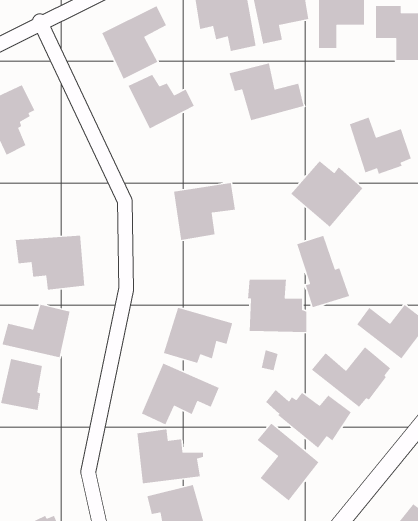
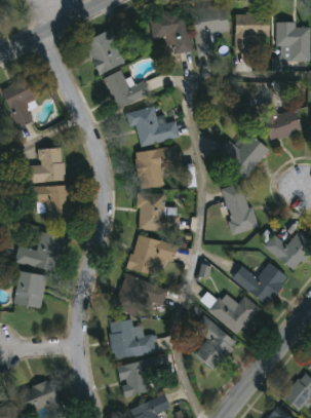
building: [228,62,305,121] -> [125,107,179,148]
building: none -> [23,148,65,184]
building: [247,279,307,333] -> [137,193,179,231]

